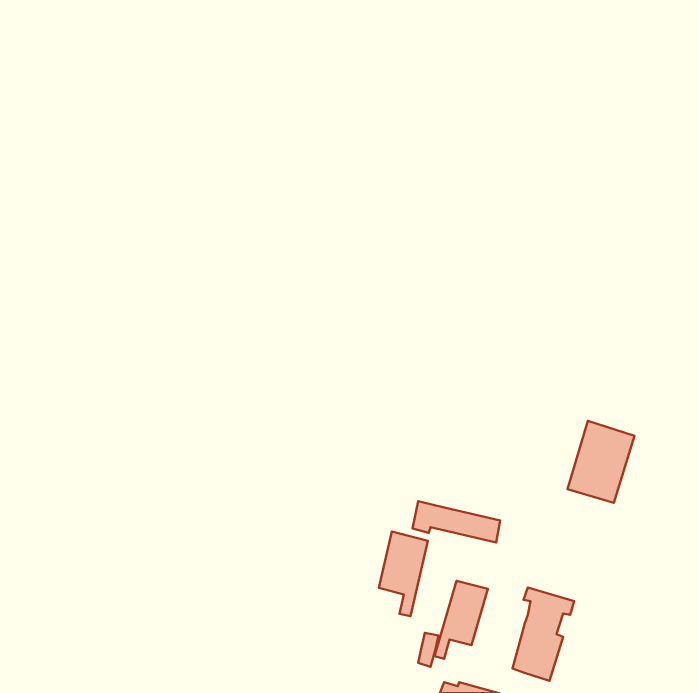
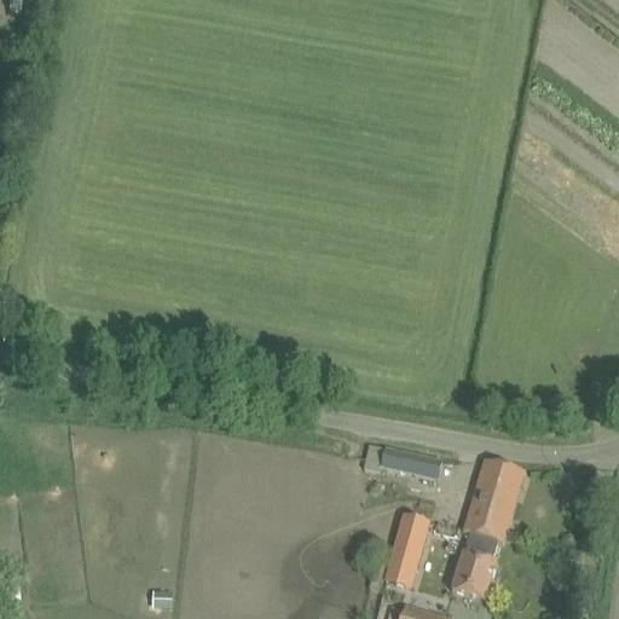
building: [567,421,635,503] -> [465,458,525,531]
building: [379,532,428,616] -> none

